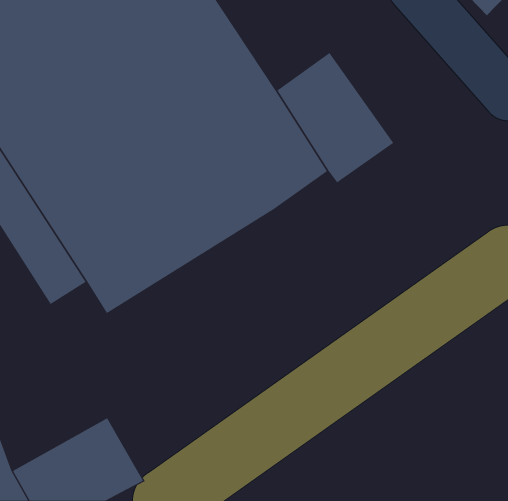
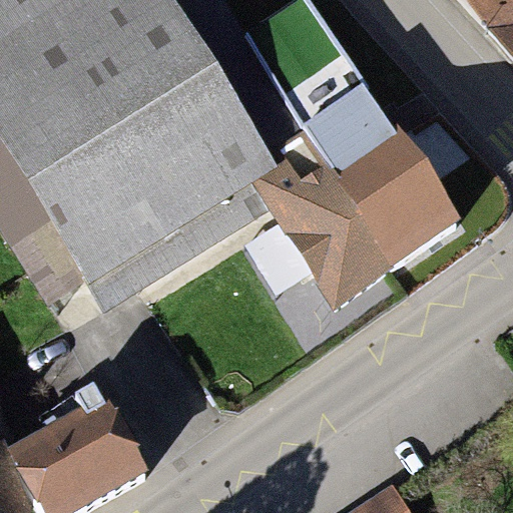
building: none -> [274,142,447,296]

